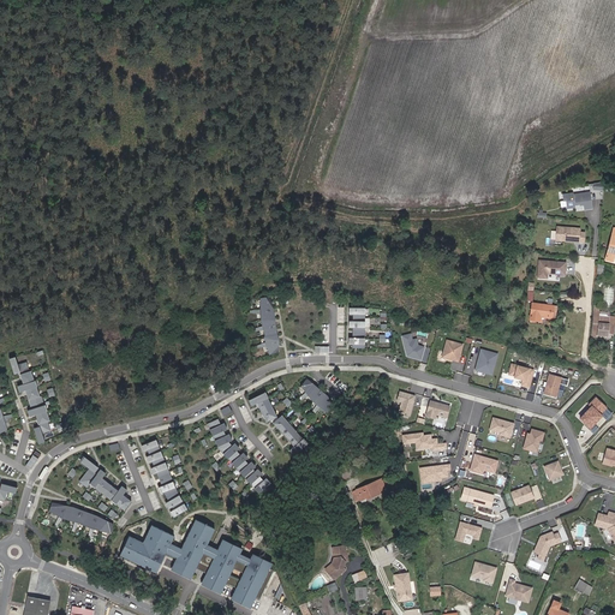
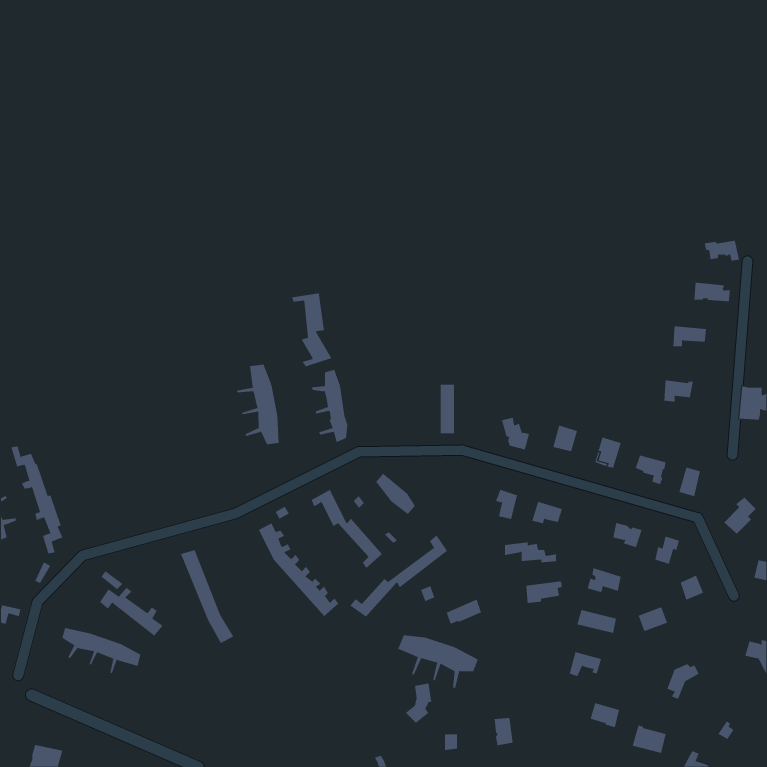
building: none -> [292,292,332,367]
building: none -> [236,364,279,445]
building: none -> [350,535,448,618]
building: none -> [397,634,479,689]
building: [120,519,274,609] -> none

